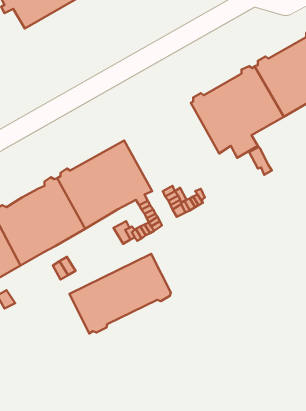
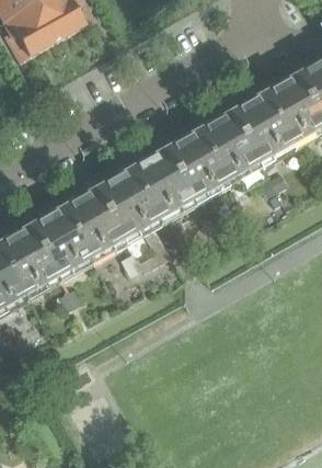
building: none -> [130,127,227,218]
building: [69,254,171,334] -> none

